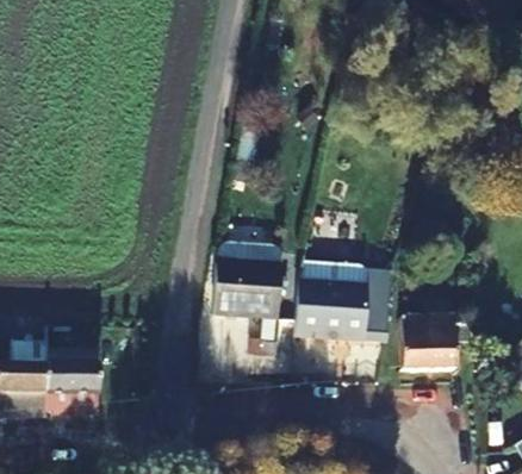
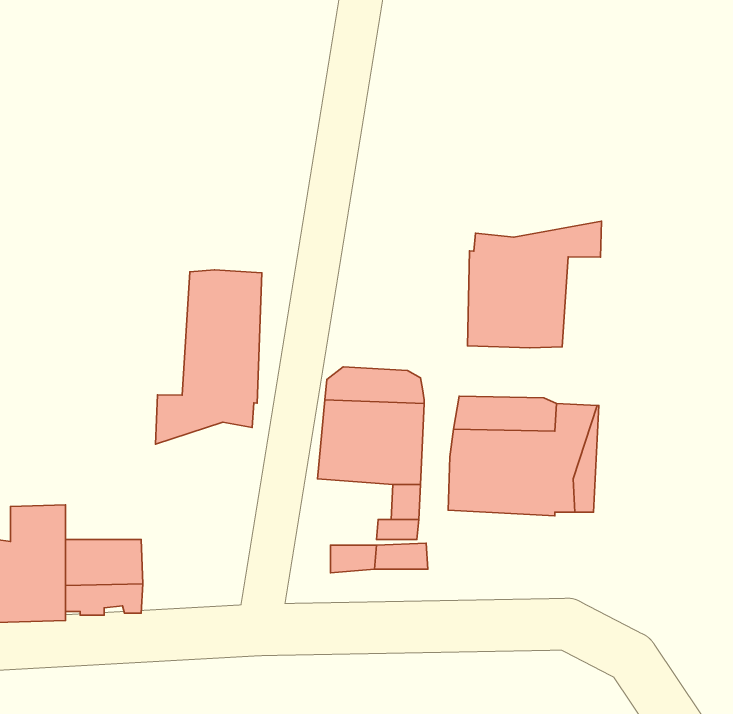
building: none -> [467,221,601,348]
building: none -> [156,270,262,444]
building: [403,312,456,370] -> none

